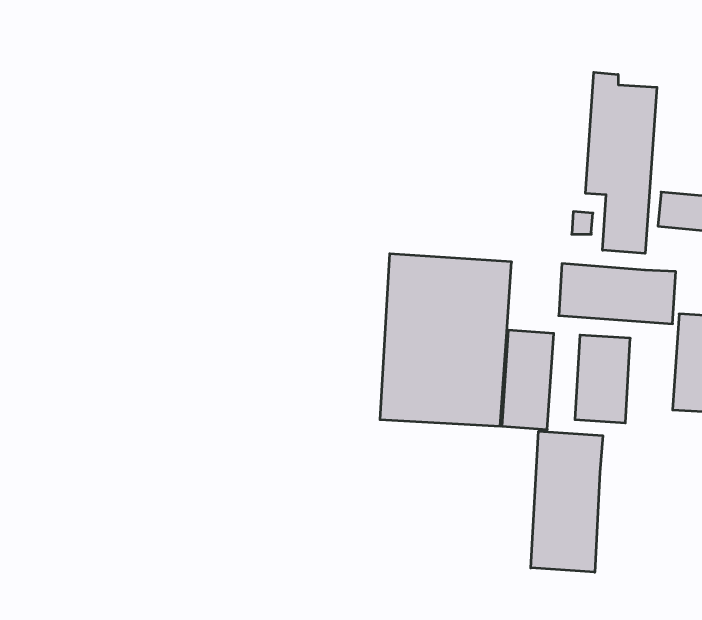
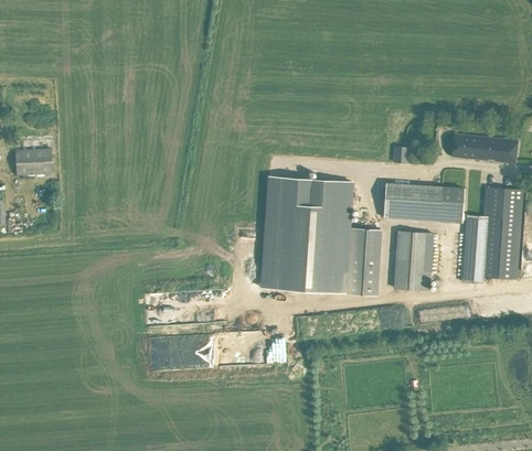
building: [586,72,657,253] -> none
building: none -> [15,148,54,174]
building: [531,431,603,572] -> none

